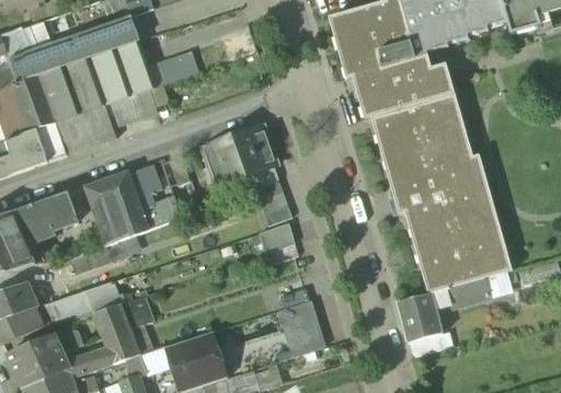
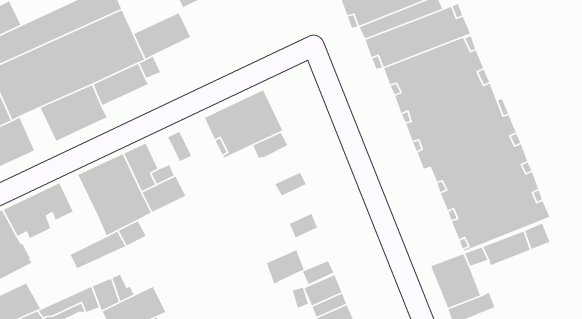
building: [36,122,67,161] -> none
building: [253,178,287,212] -> none
building: [259,222,294,253] -> [266,249,305,285]

